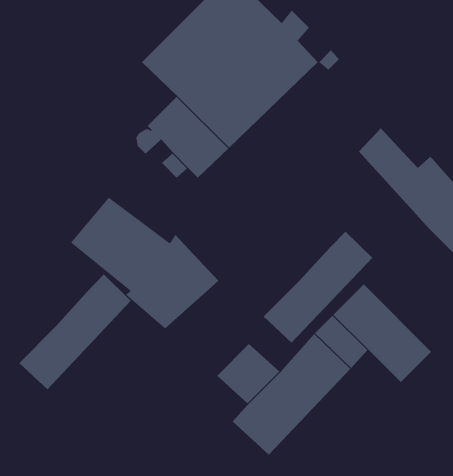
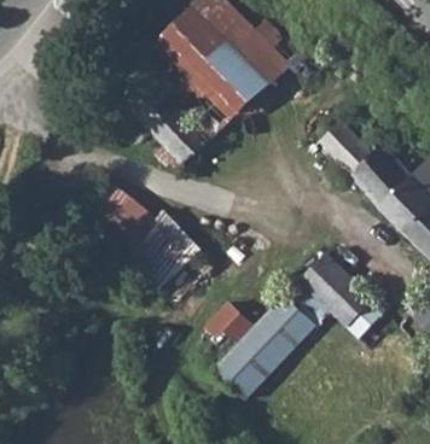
building: [263,231,373,344] -> none
building: [18,274,132,390] -> none

